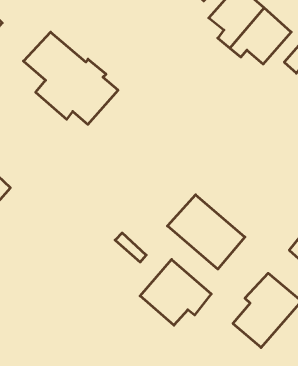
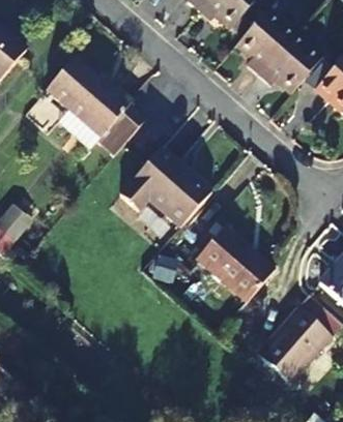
building: none -> [119,147,211,228]
building: [140,259,211,325] -> none

